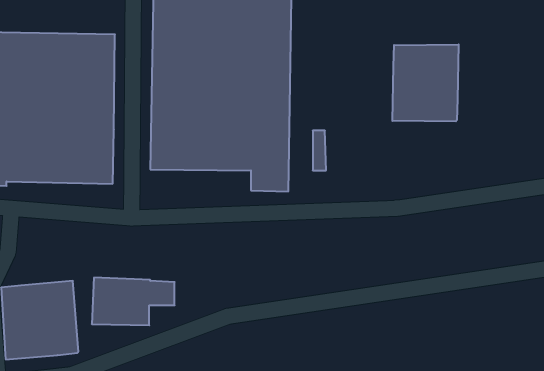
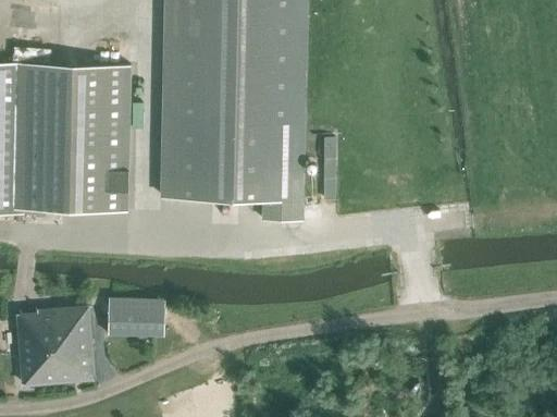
building: [392,44,459,121] -> none

